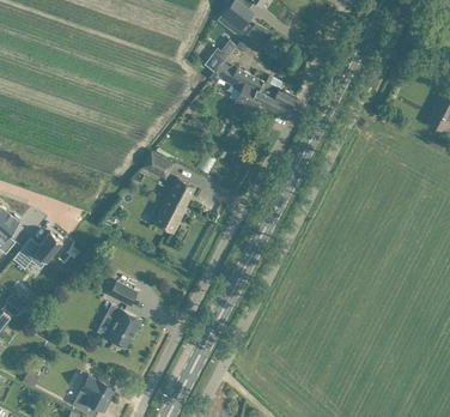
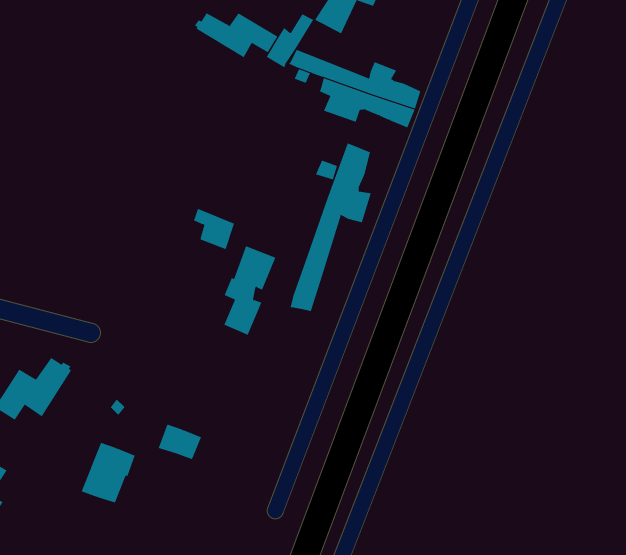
building: none -> [194,12,278,58]
building: none -> [290,143,372,312]
building: [105,309,141,348] -> [81,442,135,503]

